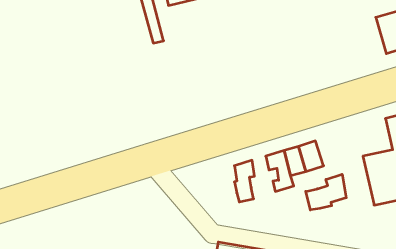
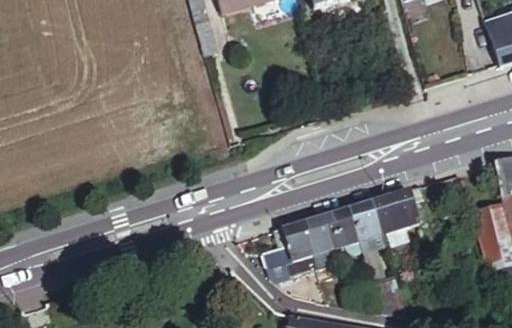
building: none -> [328,206,364,245]
building: none -> [263,218,312,275]
building: [306,174,346,210] -> none

